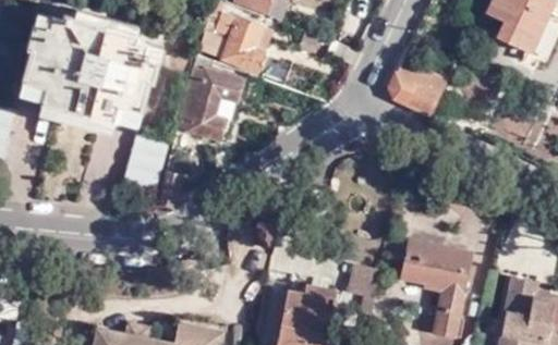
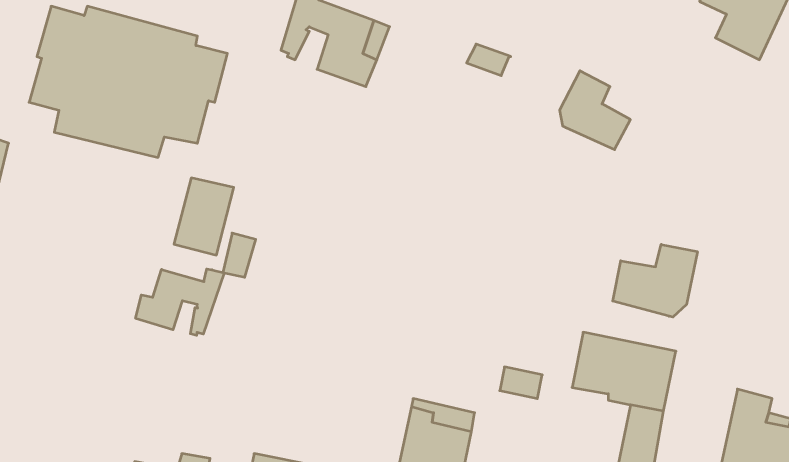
building: [178,56,242,138] -> none
building: none -> [613,244,697,317]
building: none -> [136,269,224,335]

